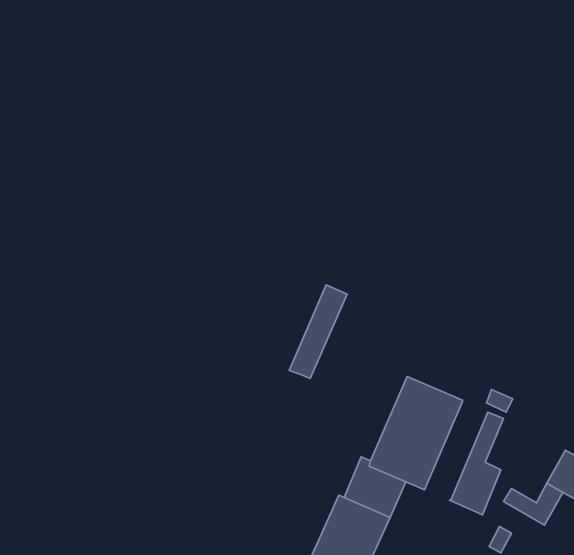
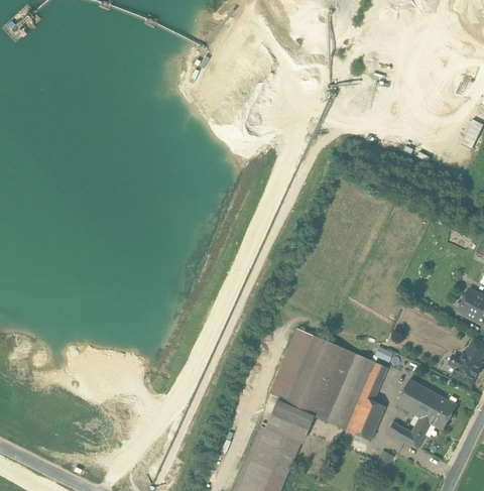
building: [289,285,347,378] -> [268,329,313,400]
building: none -> [326,355,374,431]
building: none -> [396,379,434,417]

